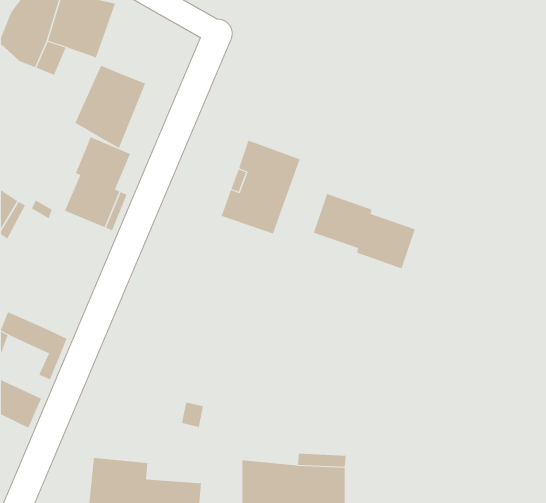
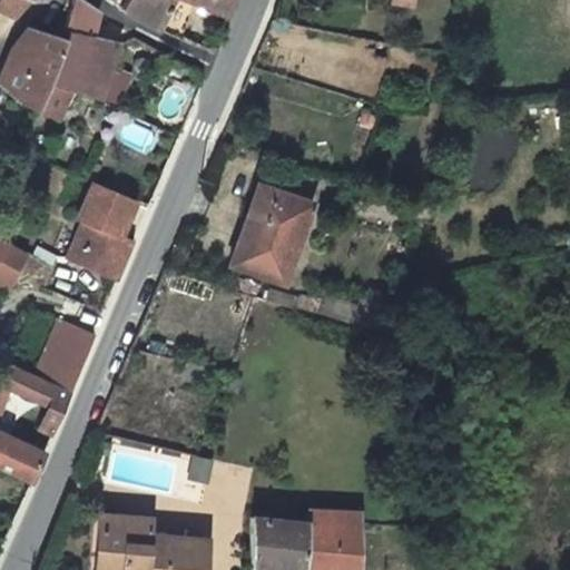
building: [74,65,146,149] -> none
building: [313,193,416,269] -> none
building: none -> [38,318,96,391]

